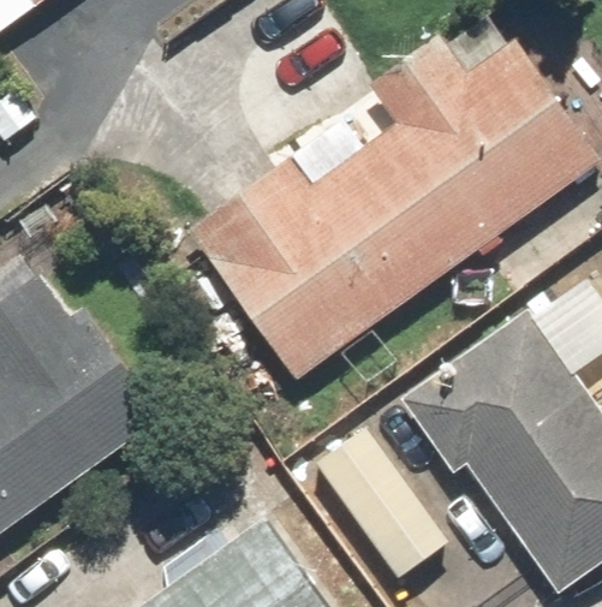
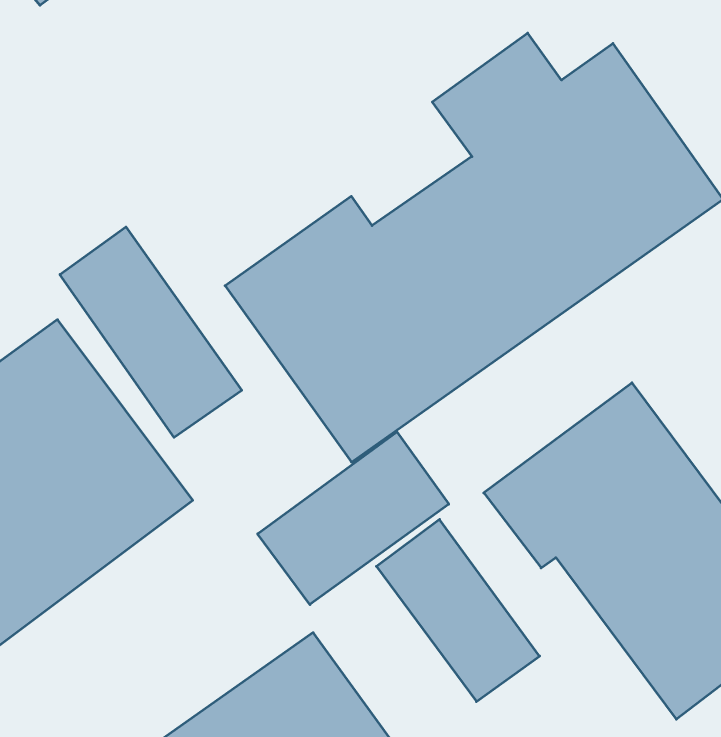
building: none -> [60,227,242,437]
building: none -> [258,432,449,605]

